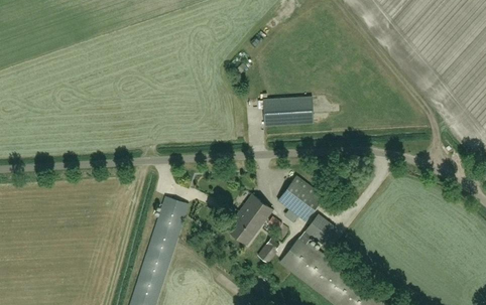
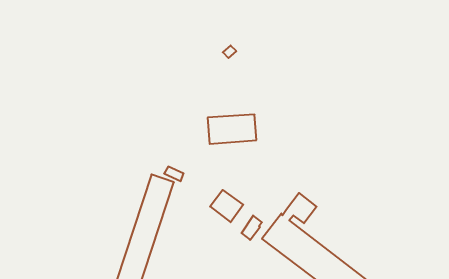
building: [262,97,313,127] -> [208,115,256,144]
building: [277,176,324,221] -> none
building: [239,194,273,227] -> none

